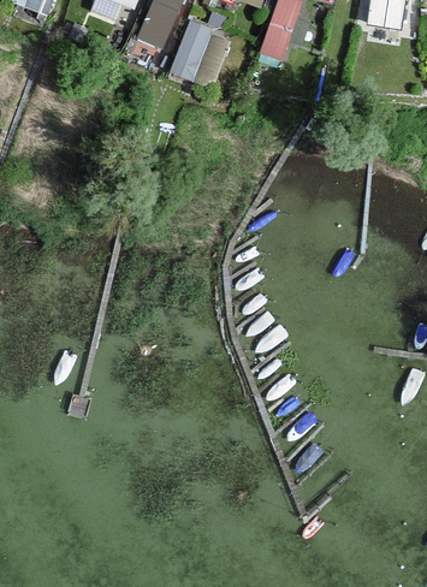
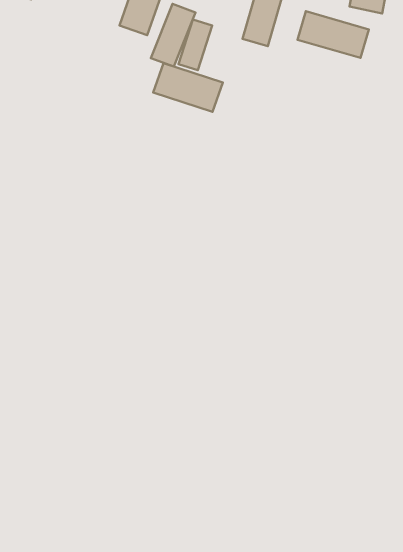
building: none -> [297,11,369,58]
building: none -> [153,63,223,112]

